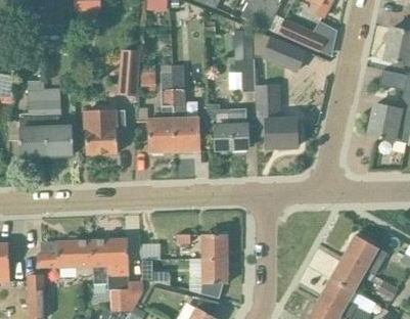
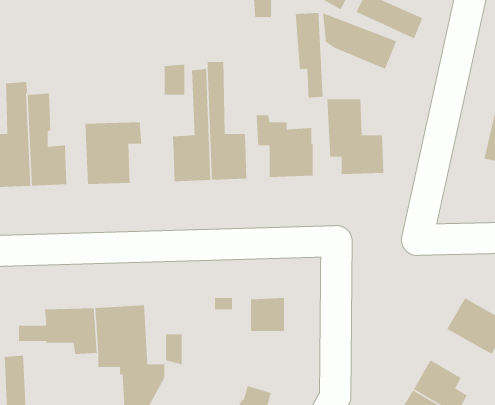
building: [119,49,139,95] -> none
building: [330,256,365,290] -> none
building: [201,258,228,297] -> none

